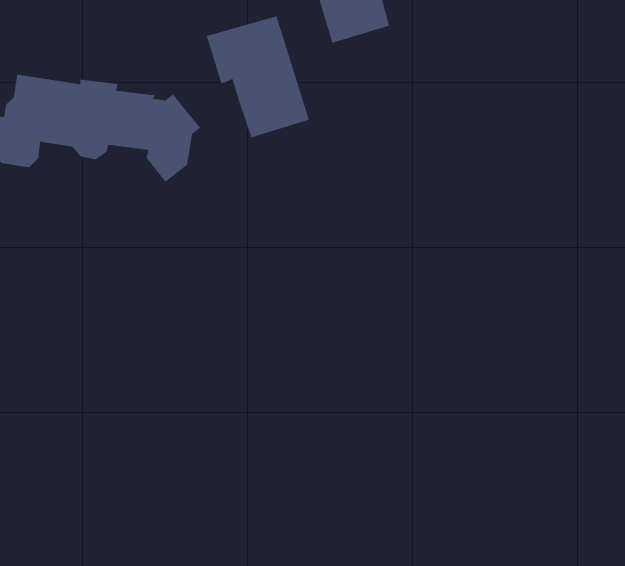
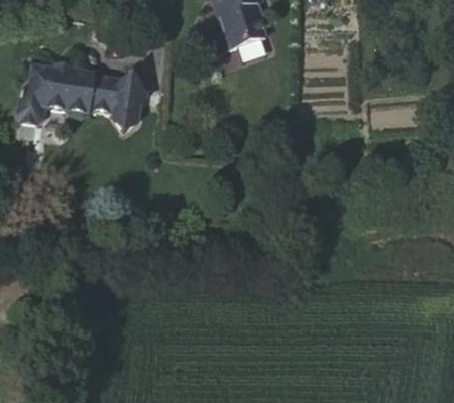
building: [206,16,310,138] -> none

